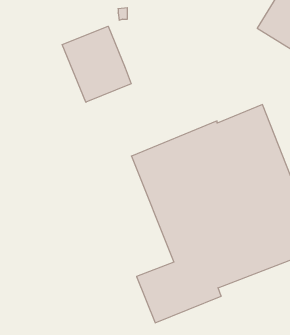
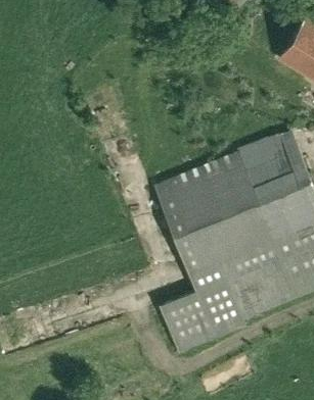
building: [62,26,131,102] -> none

